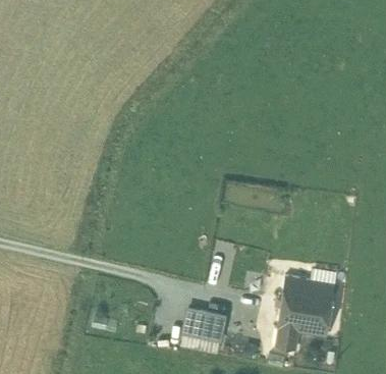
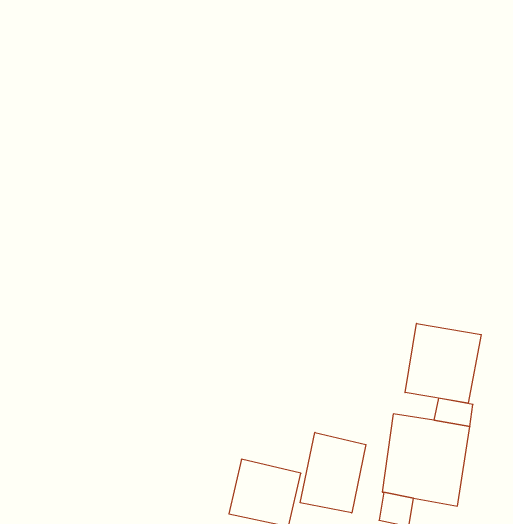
building: none -> [405,323,481,403]
building: none -> [300,432,366,513]

